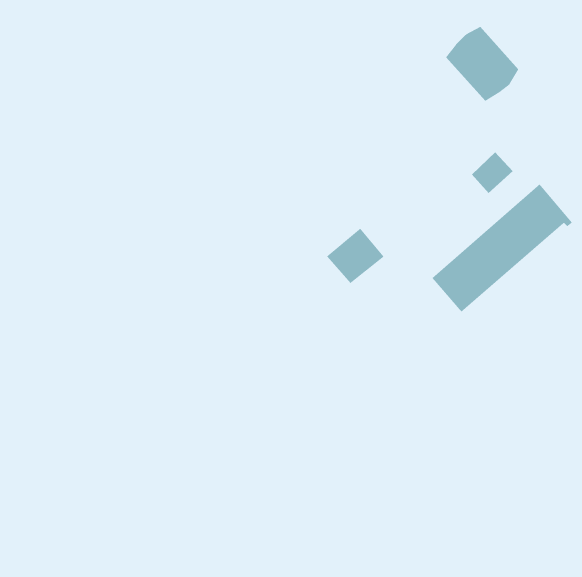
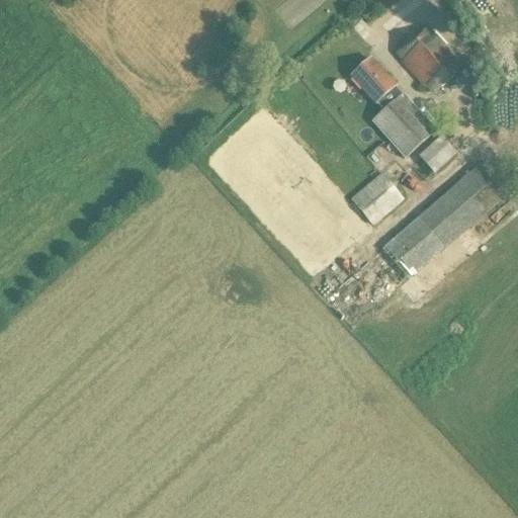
building: none -> [351,57,435,156]
building: [326,228,384,284] -> [351,173,403,223]

